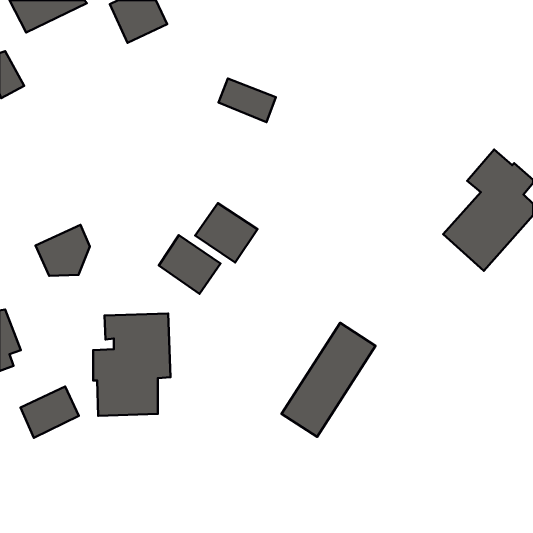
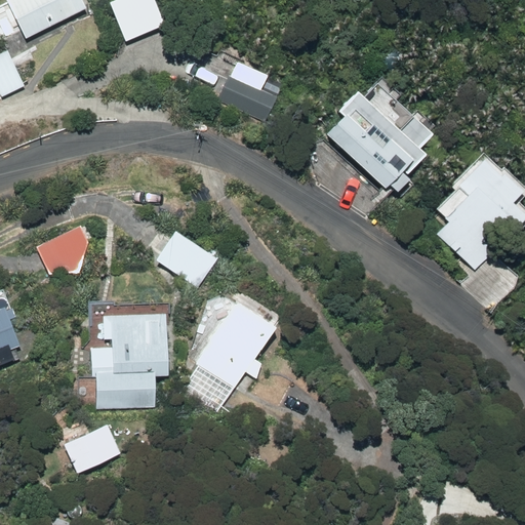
building: none -> [328,86,431,197]
building: [195,203,257,263] -> none
building: [282,323,376,437] -> [181,298,274,410]
building: [20,387,79,438] -> [63,419,120,470]

